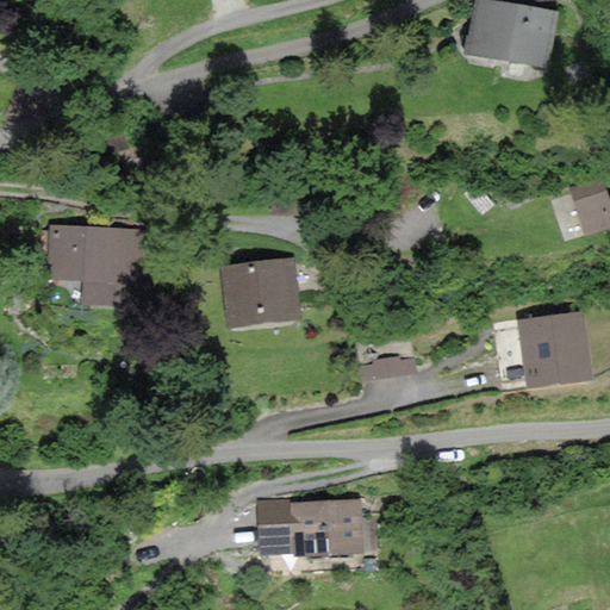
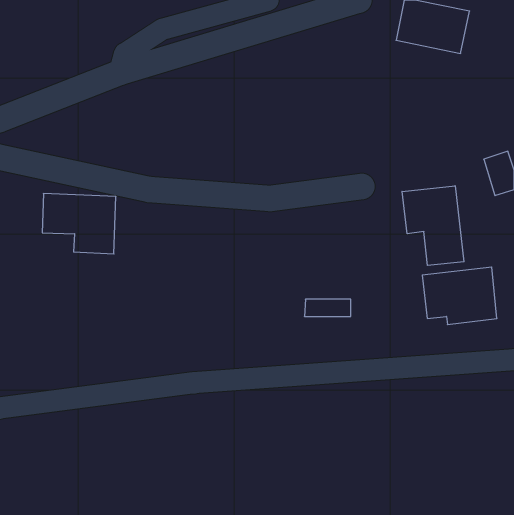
building: none -> [402,186,464,265]
building: [224,260,295,322] -> none
building: [259,502,371,553] -> none

